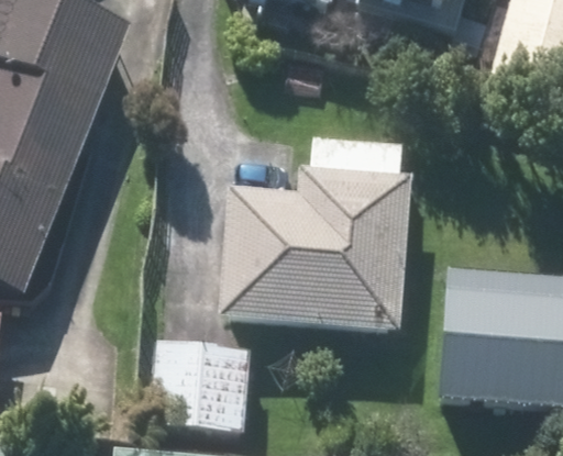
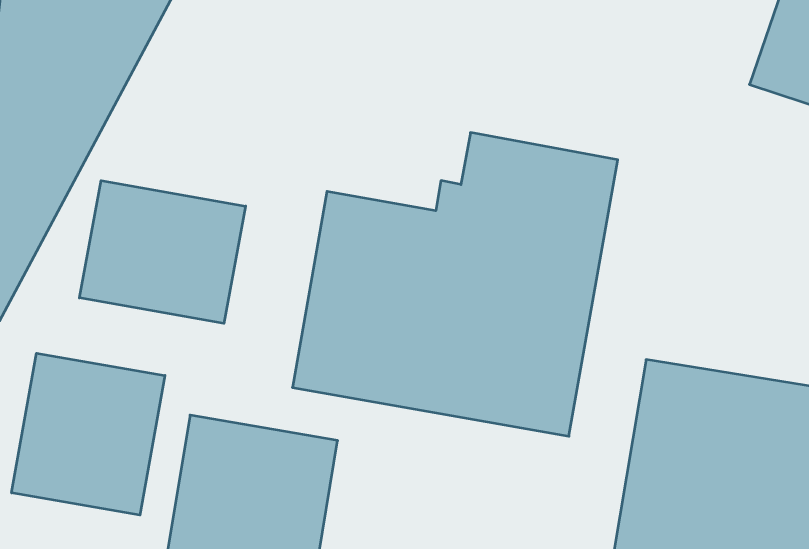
building: none -> [79,181,246,323]
building: none -> [12,353,165,515]

